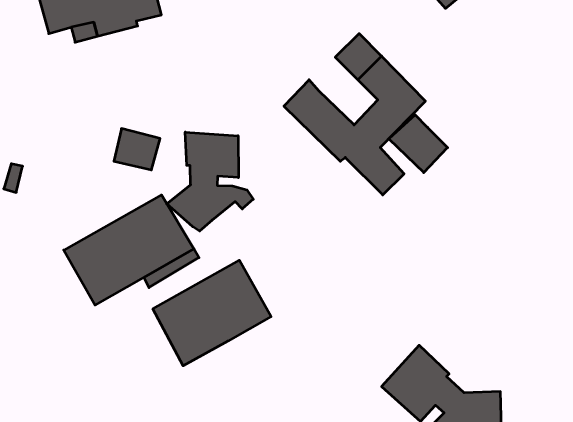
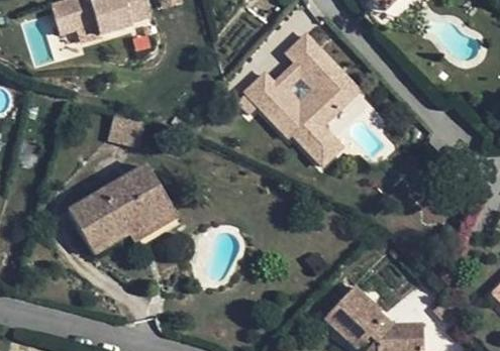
building: [389,115,448,173] -> [275,62,322,108]
building: [167,132,253,231] -> none
building: [153,260,271,366] -> none

